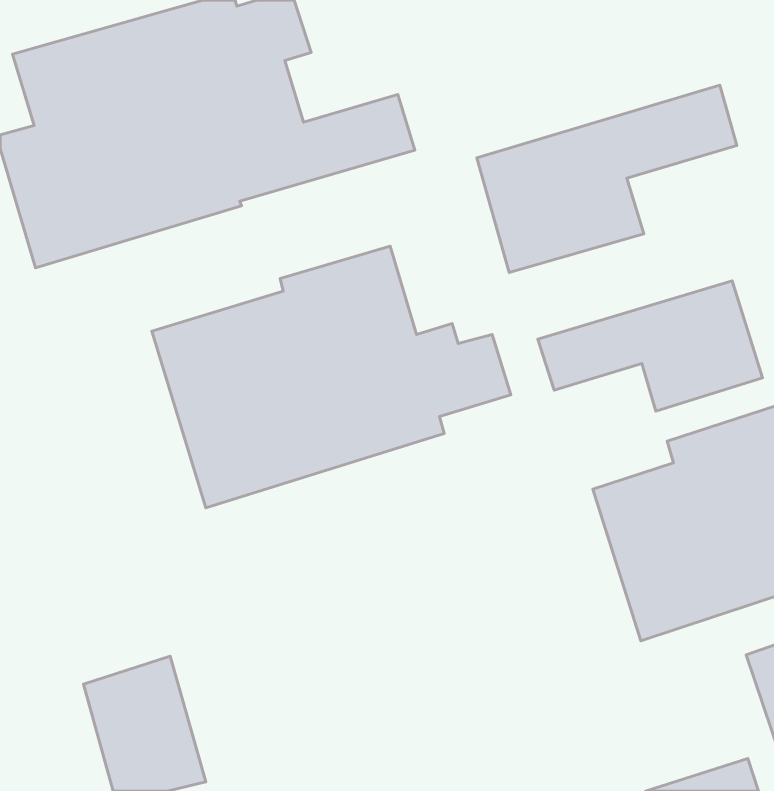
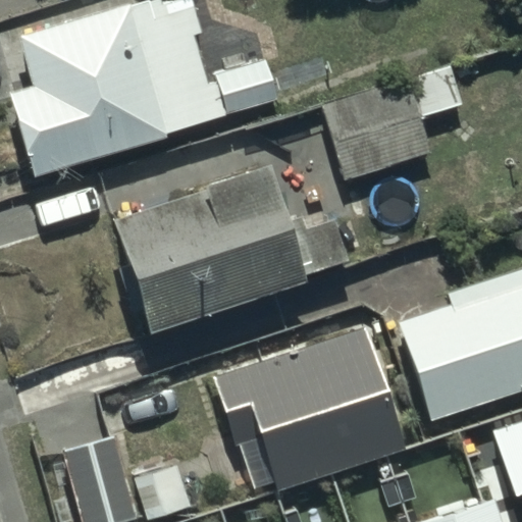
building: [538,281,763,411] -> none
building: none -> [213,324,405,490]

